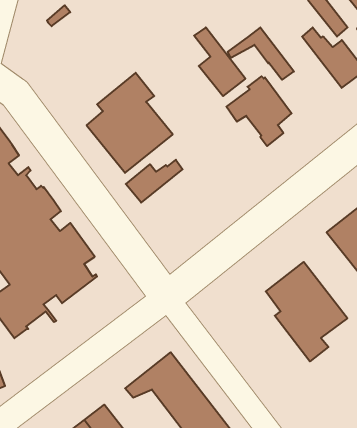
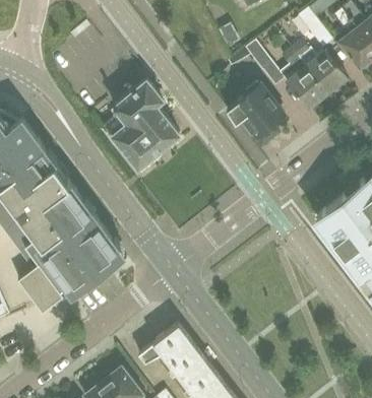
building: [194,27,245,96] -> [281,50,325,110]
building: [126,160,183,203] -> none
building: [266,262,347,361] -> none

